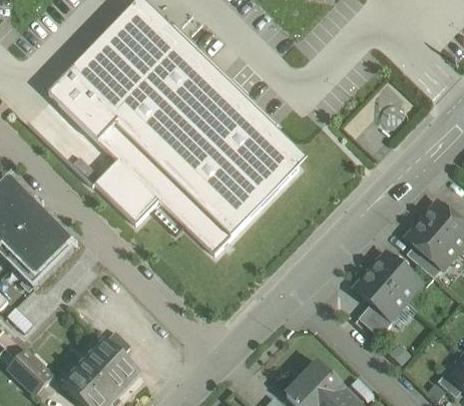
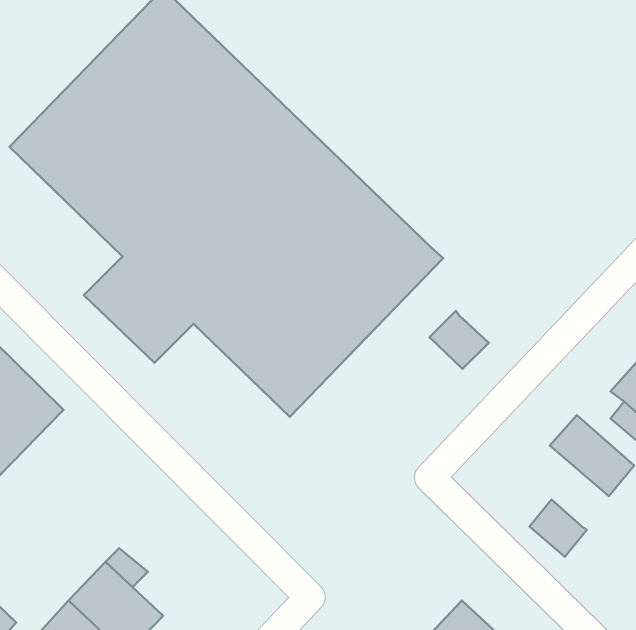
building: none -> [430,311,489,369]
building: [355,269,405,317] -> none

